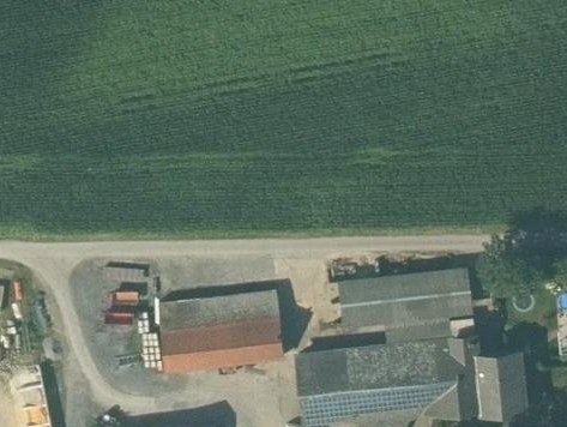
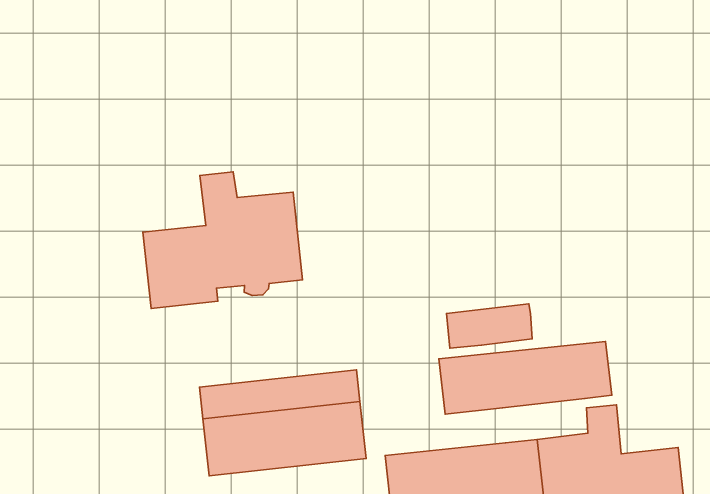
building: none -> [143,172,302,309]
building: [386,314,451,348] -> [446,304,532,348]

